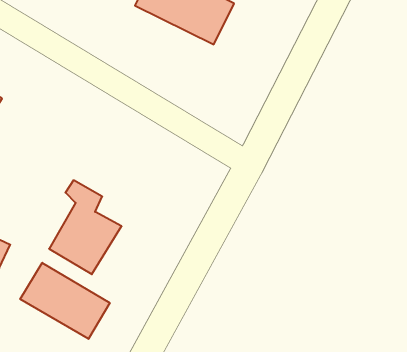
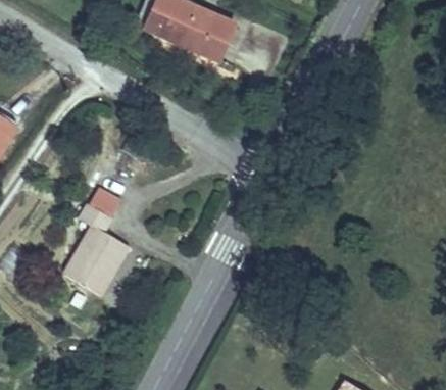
building: [20,263,110,339] -> none

